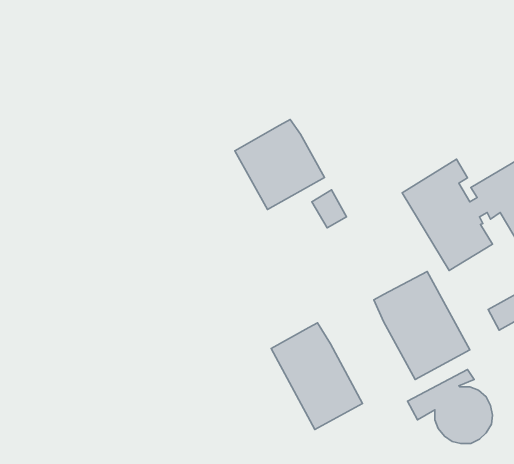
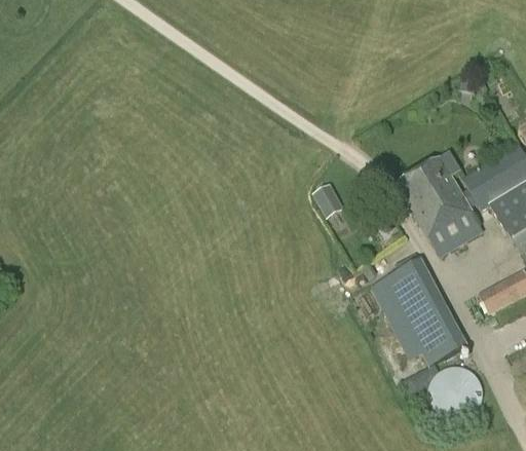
building: [235,119,324,210] -> none
building: [271,323,363,429] -> none

